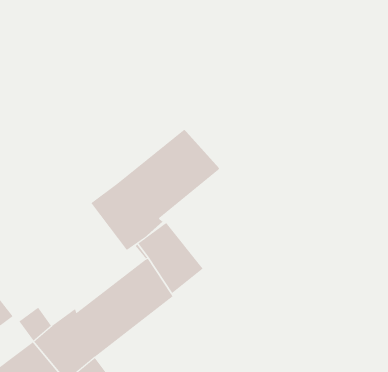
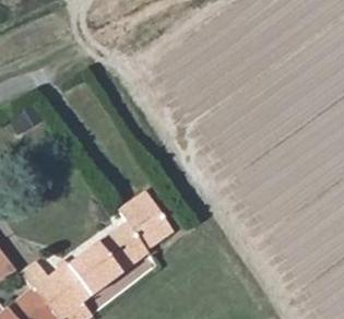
building: [91,129,220,251] -> none

